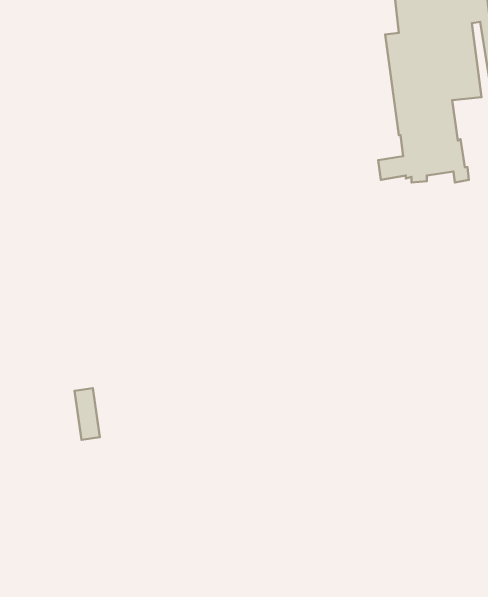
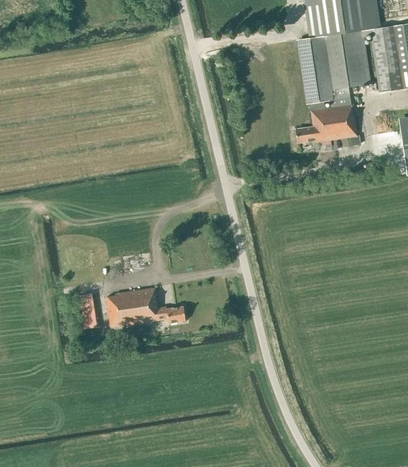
building: none -> [107,285,186,324]

